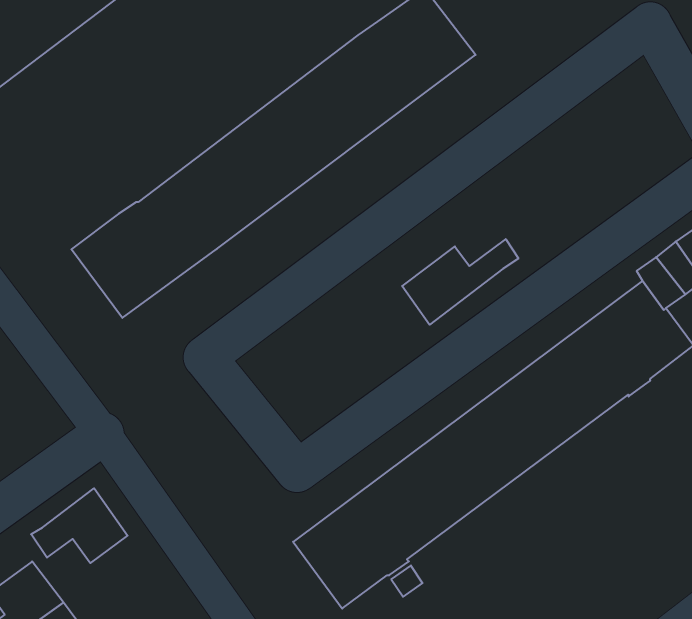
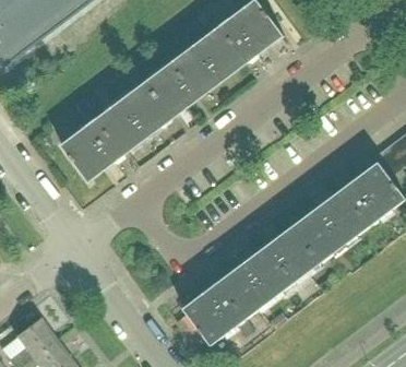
building: [402,239,518,325] -> none
building: [31,488,128,563] -> none

